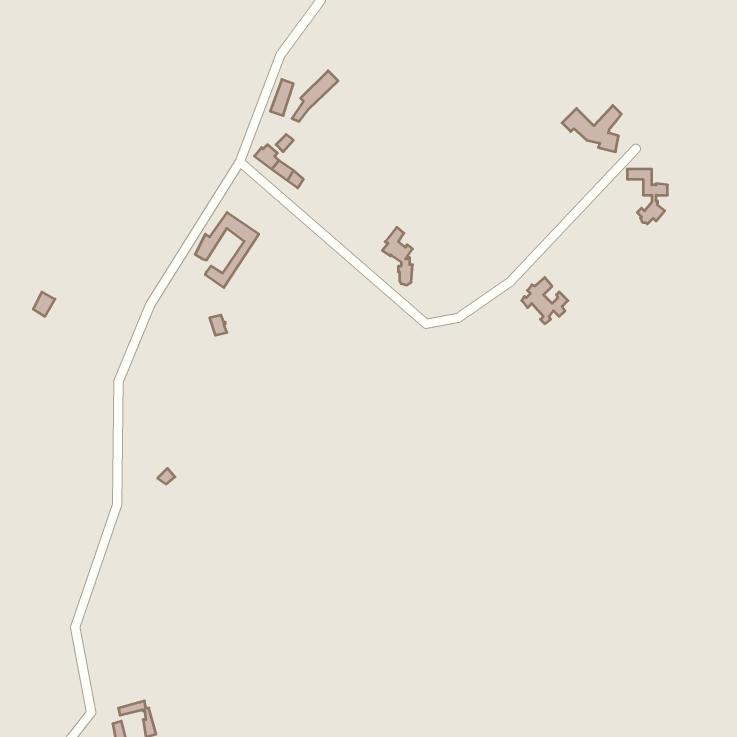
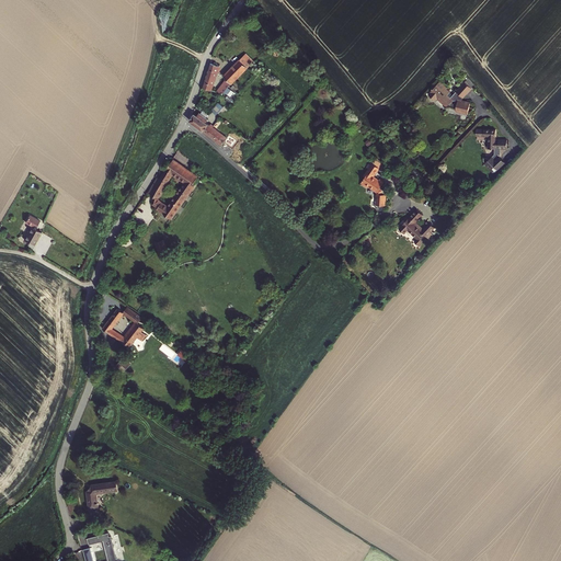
building: [382,227,413,285] -> [360,168,383,211]
building: none -> [105,307,146,347]
building: none -> [85,483,117,513]

